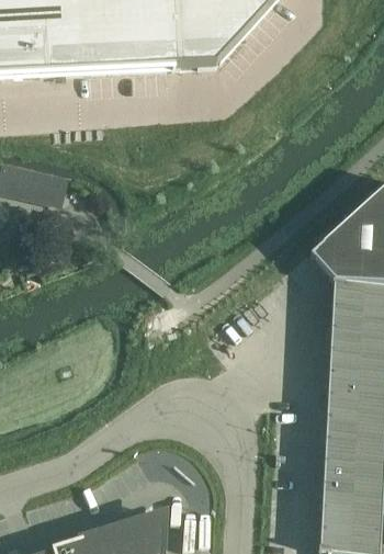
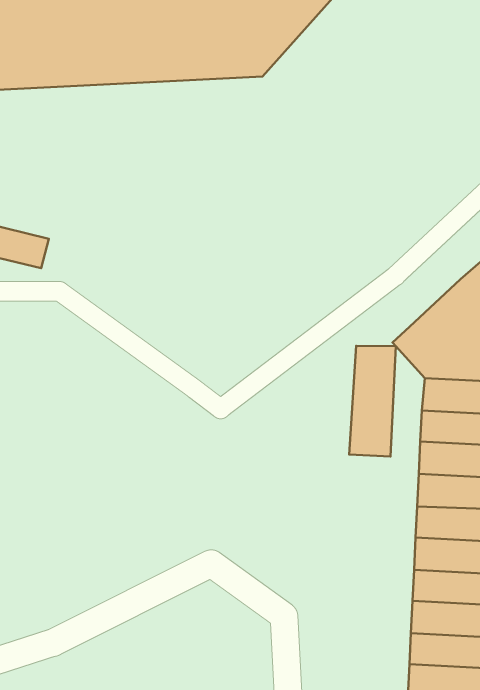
building: none -> [349,346,396,457]

